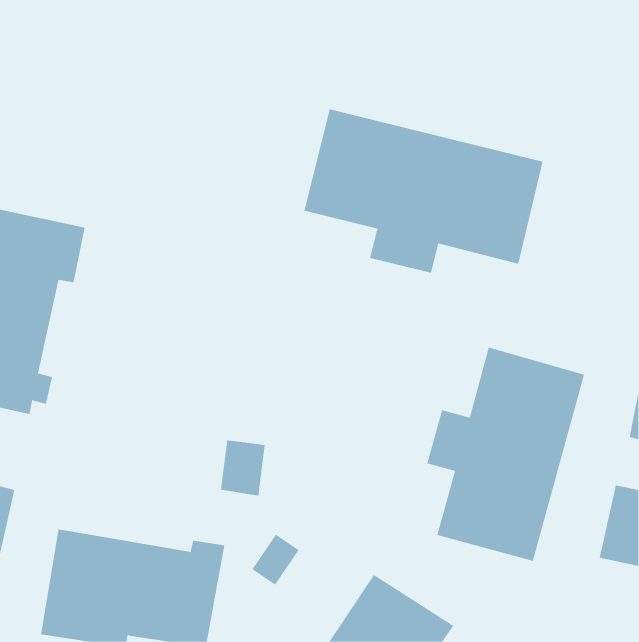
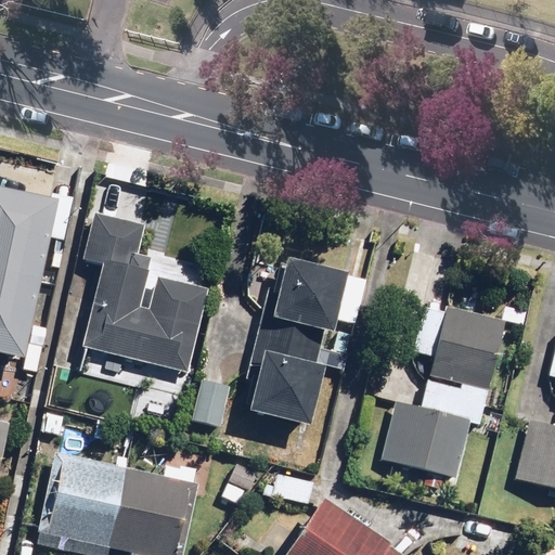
building: [304,108,543,274] -> none
building: none -> [80,212,206,374]
building: none -> [245,256,367,424]

